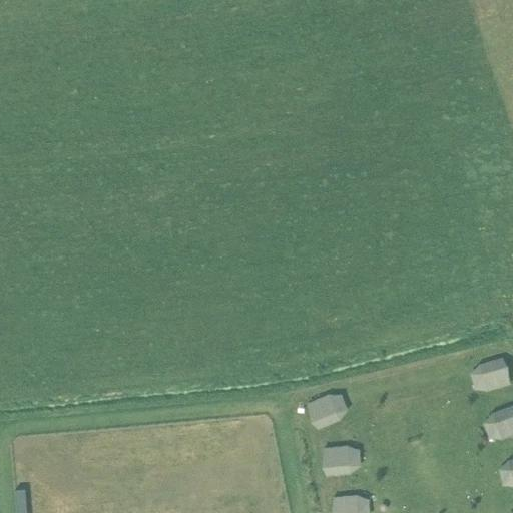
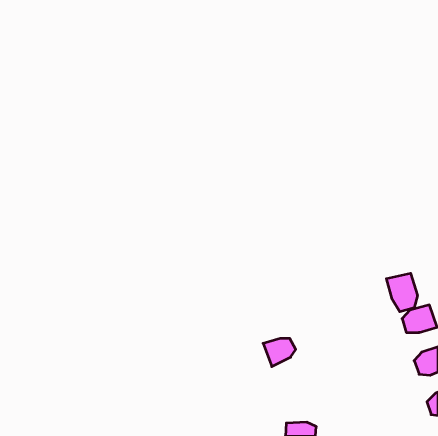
building: none -> [386,273,417,312]
building: [325,446,361,477] -> none

